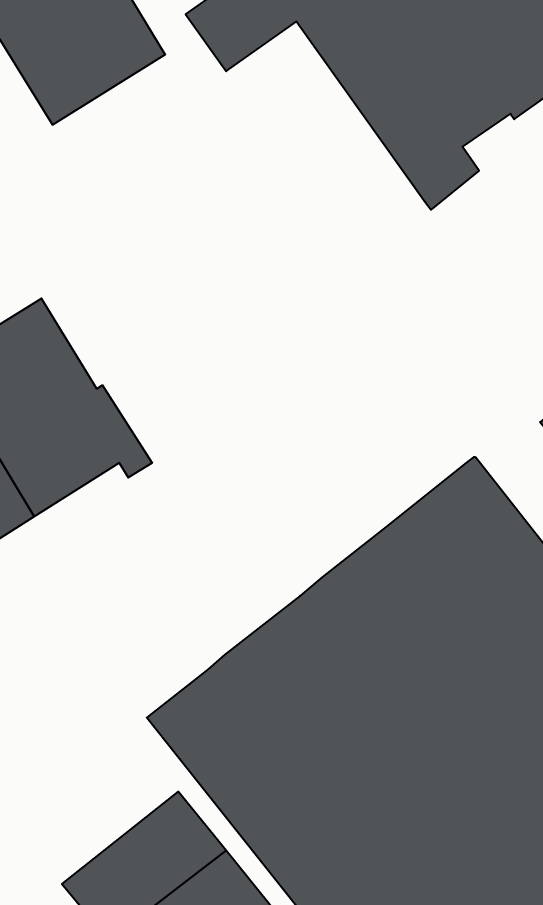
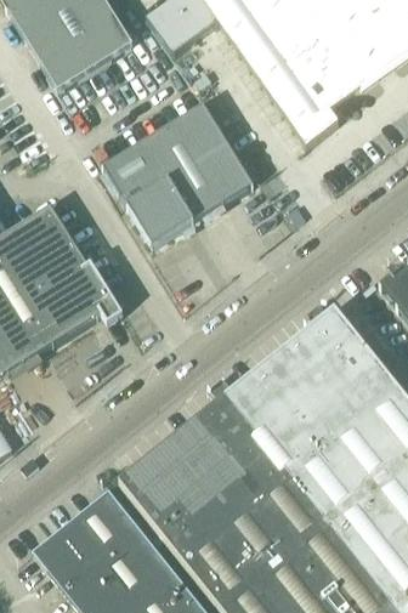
building: none -> [103,102,254,245]
building: none -> [34,488,141,588]

